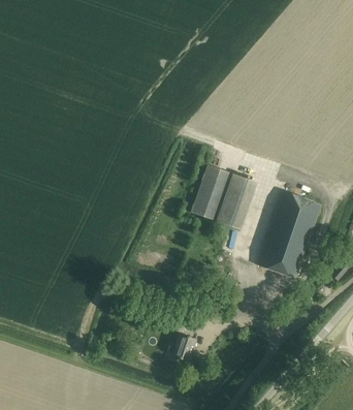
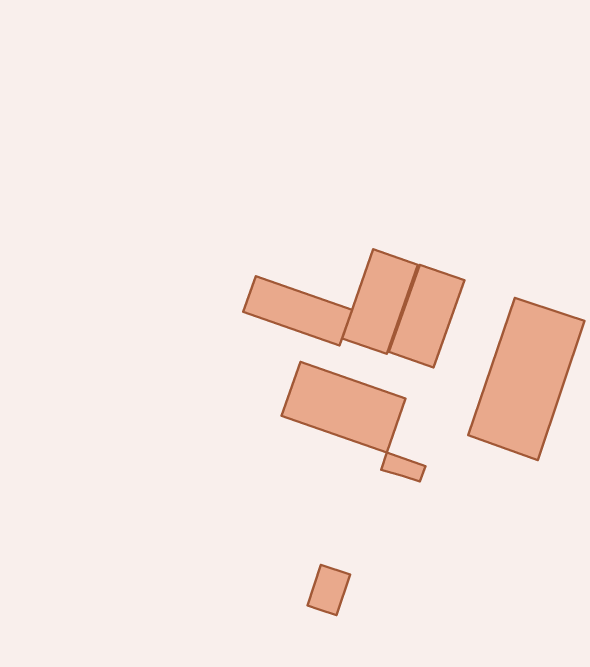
building: none -> [243,276,352,345]
building: none -> [282,362,406,453]

